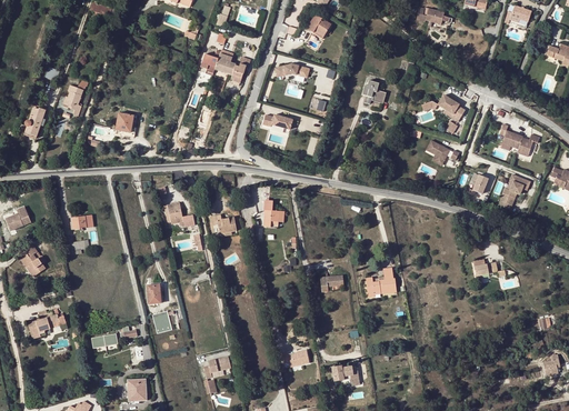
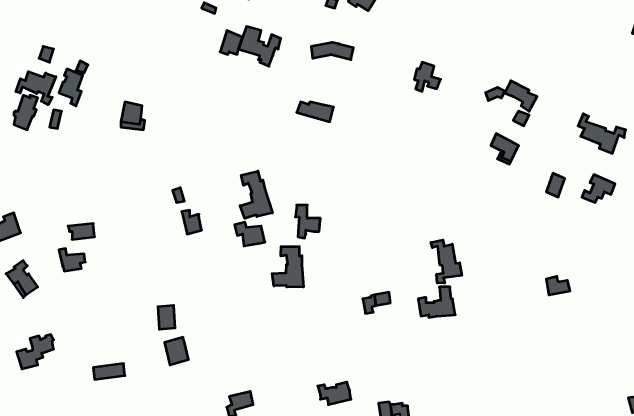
building: none -> [16,72,56,105]
building: none -> [240,171,272,218]
building: none -> [431,240,462,283]
building: none -> [272,247,303,287]

